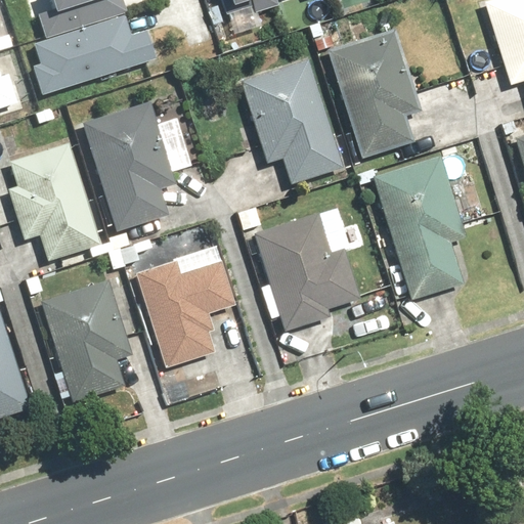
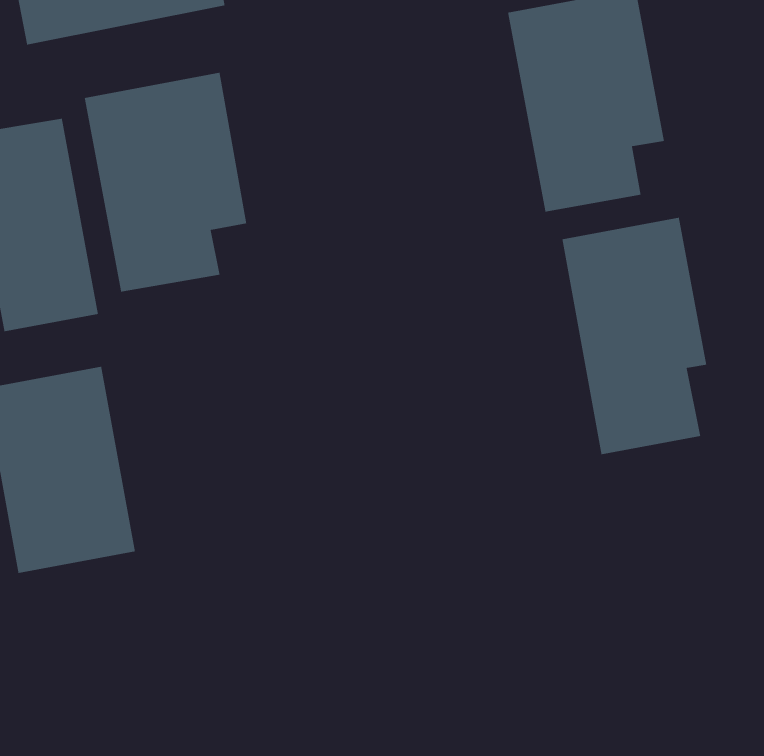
building: [234,56,341,184] -> none
building: [253,215,360,333] -> none
building: [134,245,233,374] -> none

